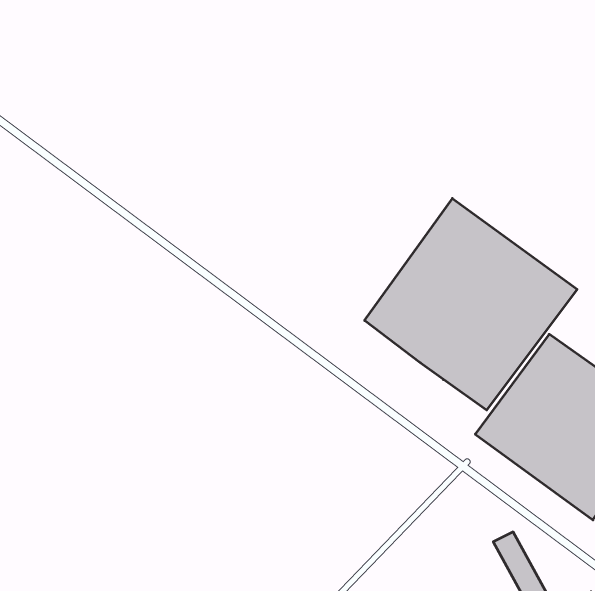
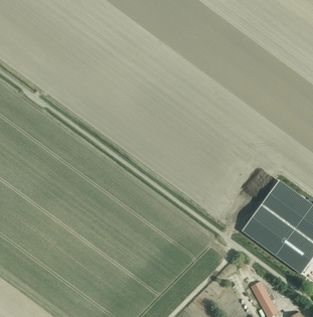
building: [365,198,577,410] -> none

